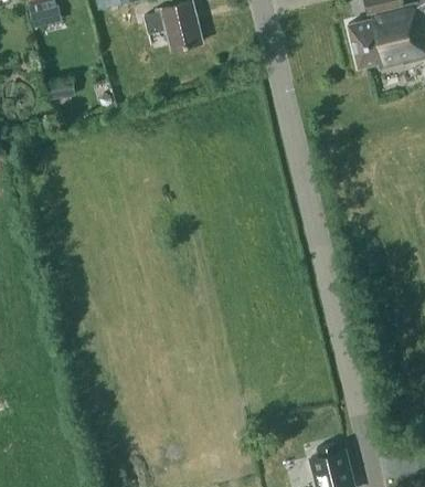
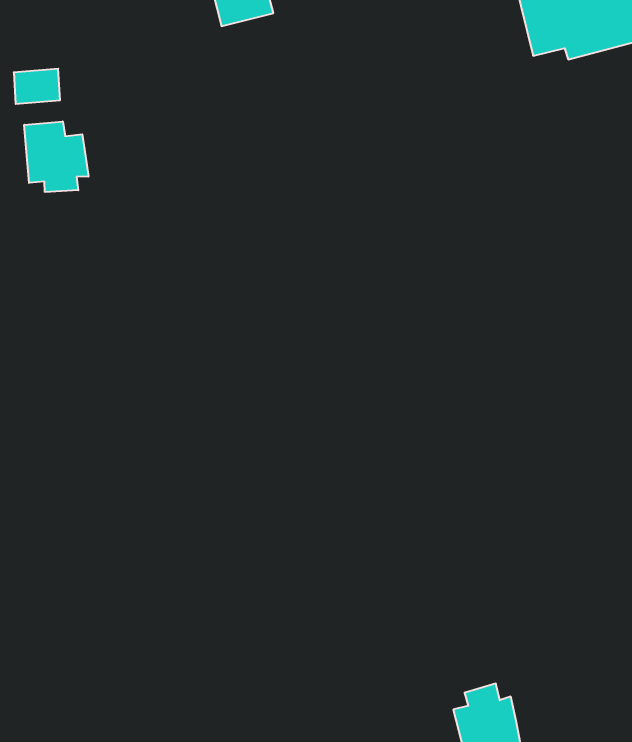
building: none -> [24,121,88,192]

